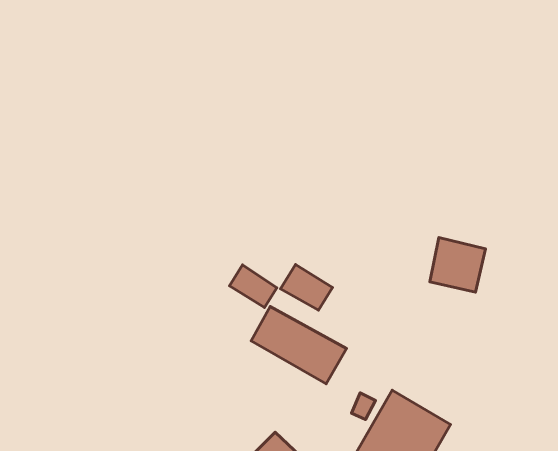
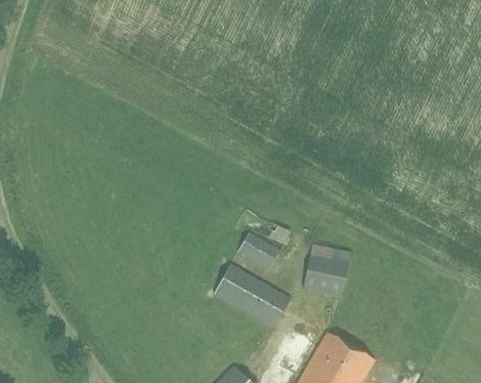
building: [430,238,486,292] -> [303,252,348,296]
building: [230,265,277,307] -> none

